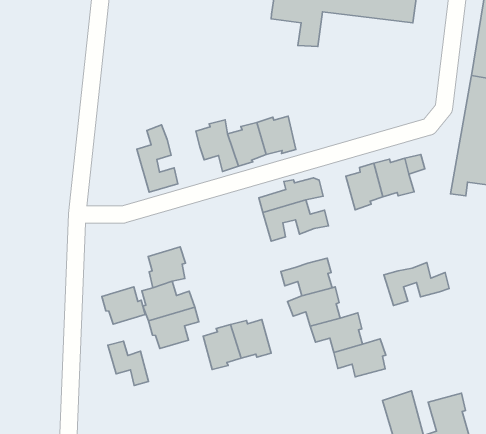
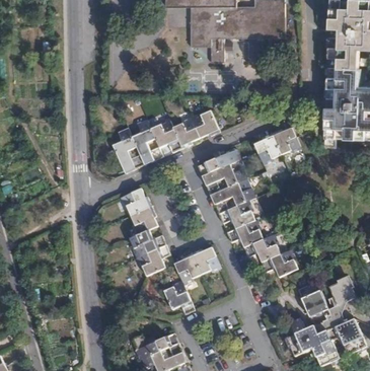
building: none -> [132,119,162,164]
building: [384,262,449,305] -> [210,181,254,213]
building: [102,287,145,324] -> [120,189,150,215]
building: [108,341,149,386] -> [163,286,194,314]

